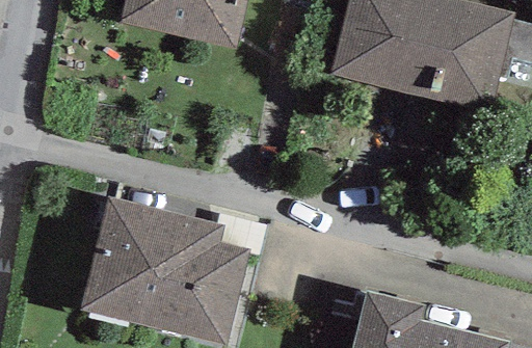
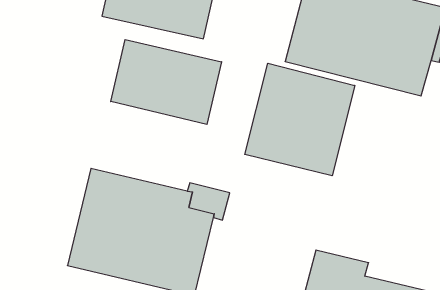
building: none -> [111,40,222,124]
building: none -> [245,63,355,176]

